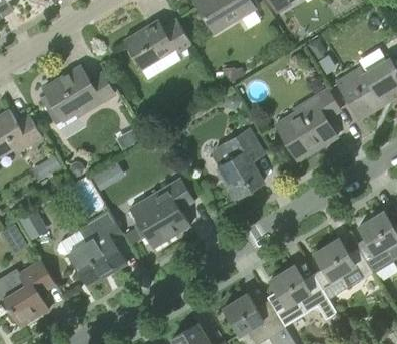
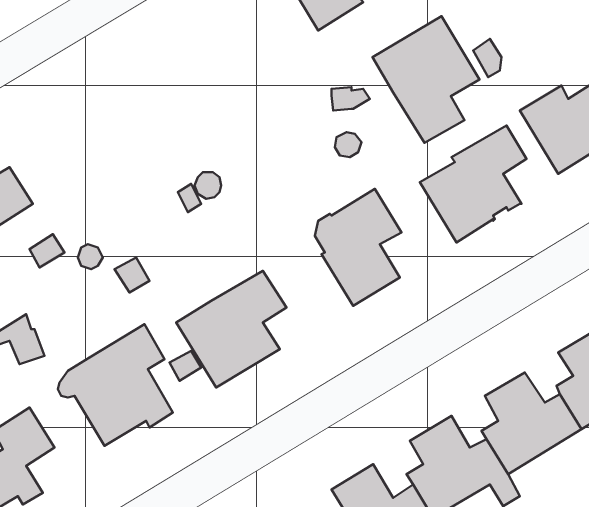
building: [123,19,192,79] -> none
building: none -> [372,16,479,143]
building: [39,66,115,124] -> none

